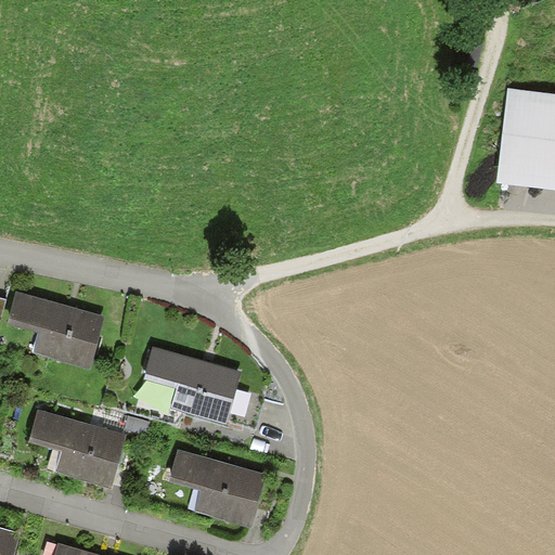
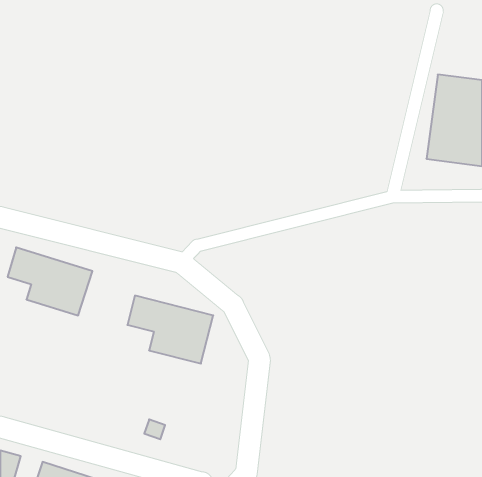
building: [29,408,129,486] -> none
building: [168,448,267,529] -> none

